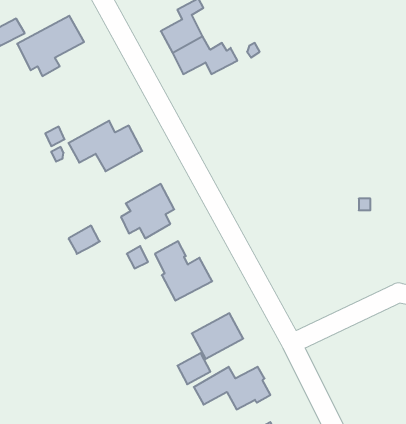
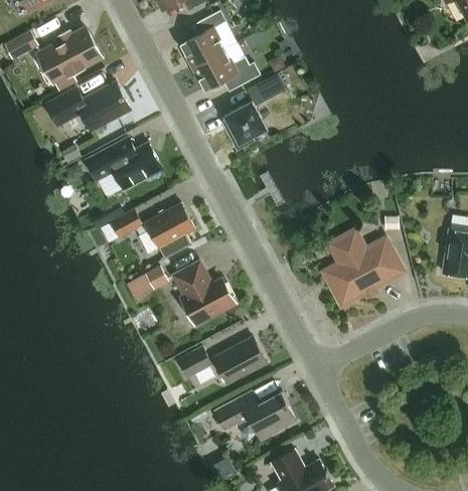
building: none -> [221,72,286,149]
building: none -> [45,80,130,131]
building: none -> [324,230,402,304]
building: [69,226,100,254] -> [110,208,142,237]
building: [177,353,210,384] -> [177,346,211,378]

